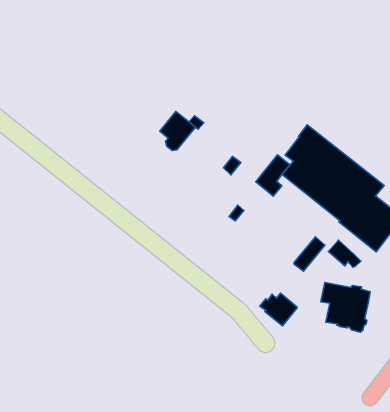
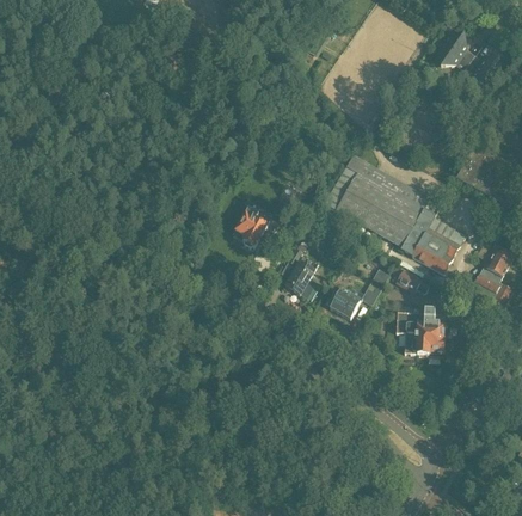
building: [160,111,196,150] -> [234,207,270,247]
building: [256,155,290,196] -> [287,254,319,297]
building: [260,293,297,326] -> [324,285,362,319]

